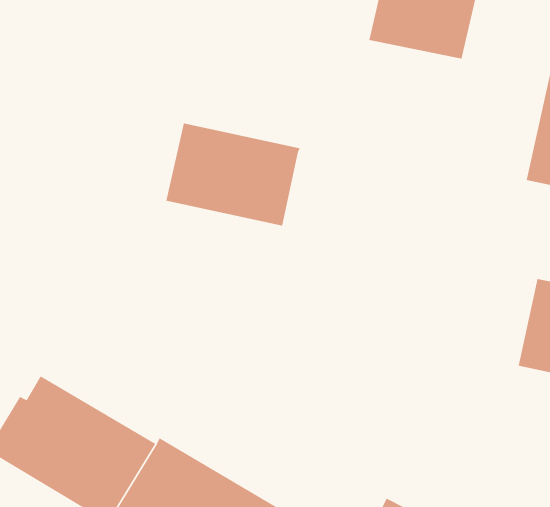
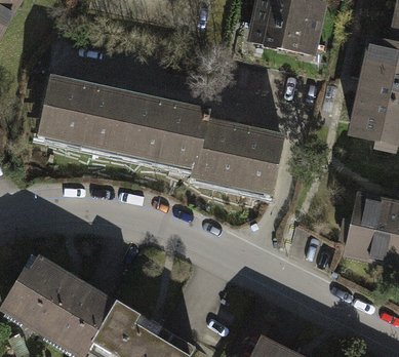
building: none -> [41,78,130,146]
building: none -> [193,114,281,187]

